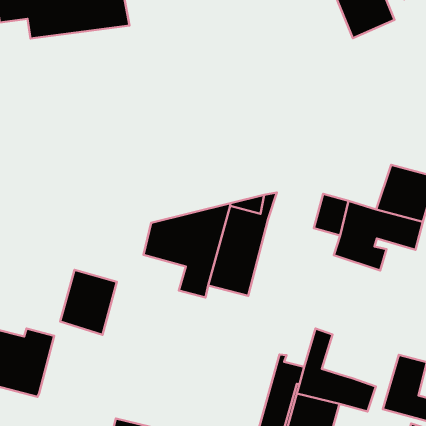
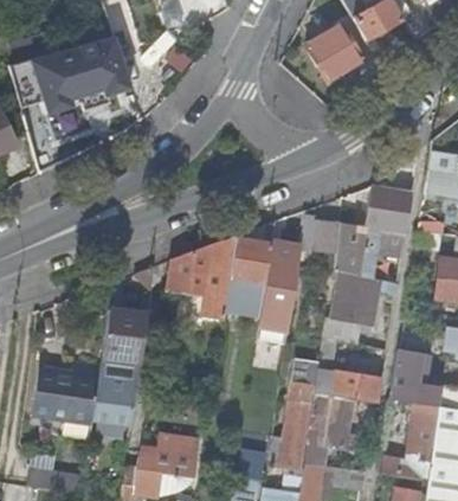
building: none -> [260,245,301,329]
building: none -> [324,270,398,343]
building: none -> [92,355,141,426]

